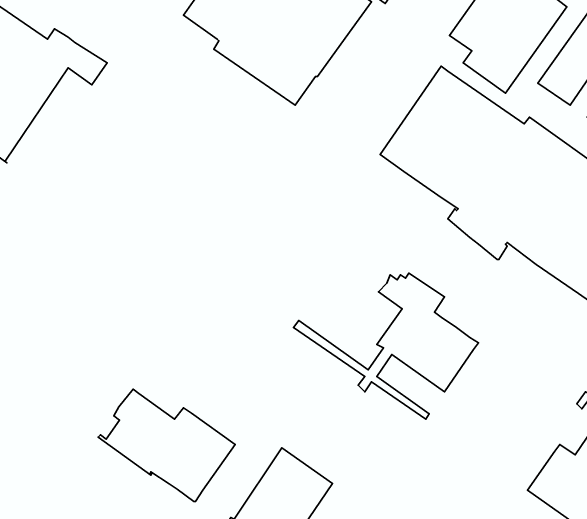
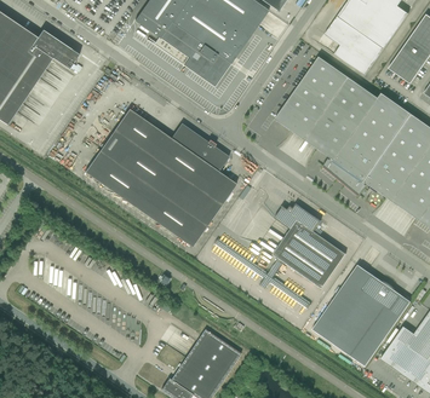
building: none -> [85,108,236,247]
building: none -> [313,264,411,365]
building: [98,389,235,502] -> none

